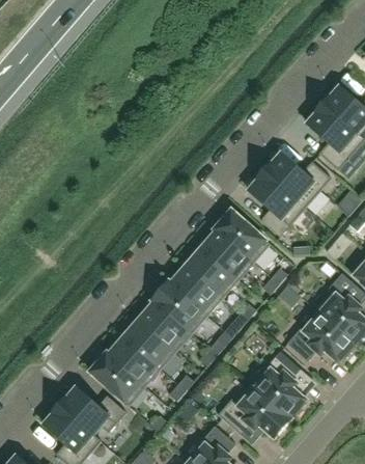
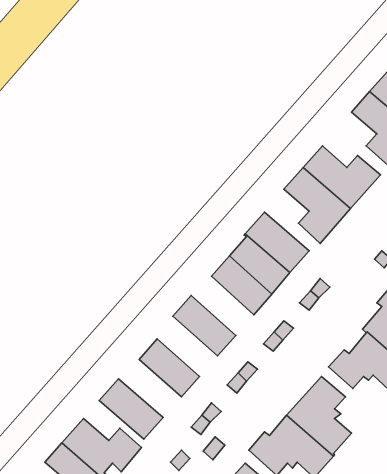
building: [168,265,222,316] -> none
building: [139,299,191,351] -> none
building: [106,336,160,386] -> none

